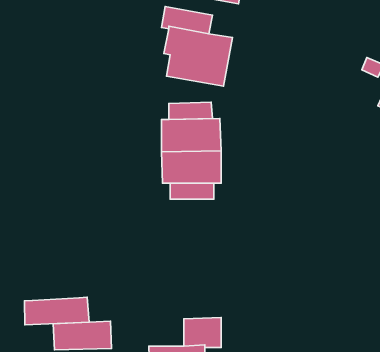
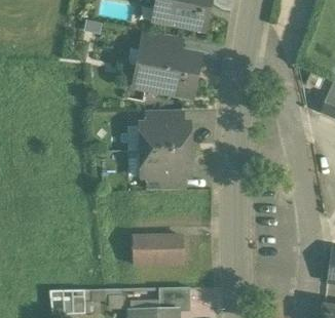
building: none -> [133,235,183,264]
building: [25,297,89,325] -> none

